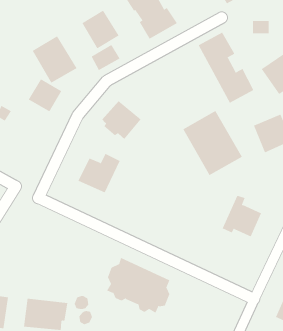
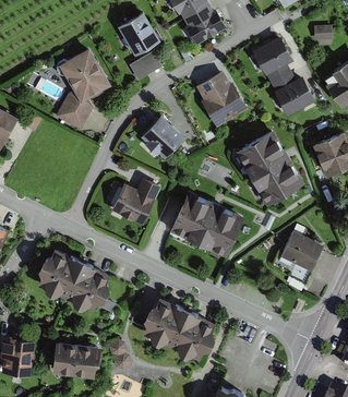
building: none -> [195,73,249,129]
building: none -> [168,189,243,254]
building: none -> [38,250,111,313]

